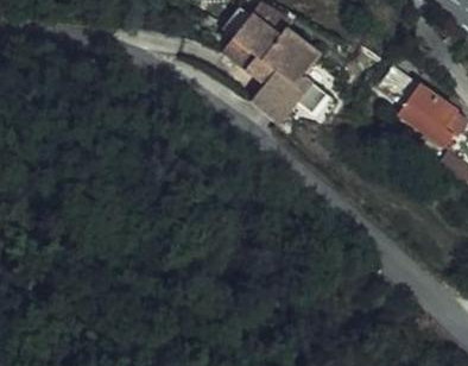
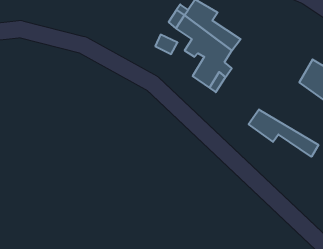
building: none -> [249,109,318,157]

